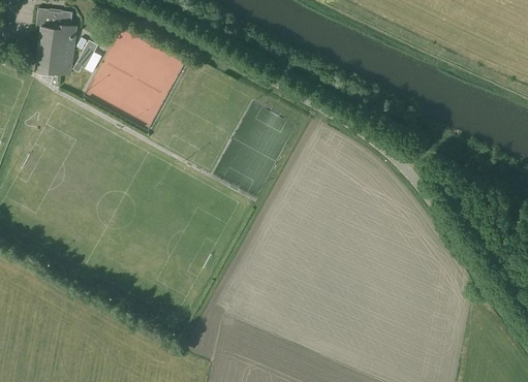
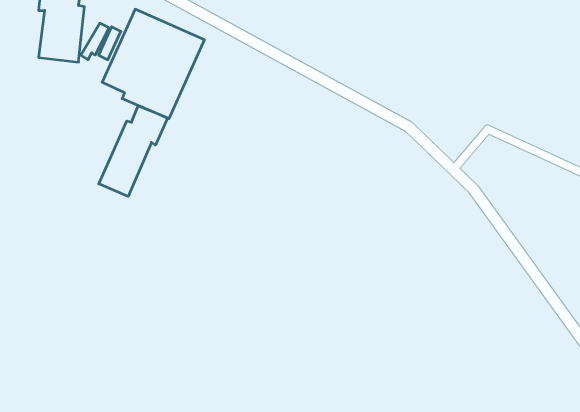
building: none -> [99,106,167,196]

